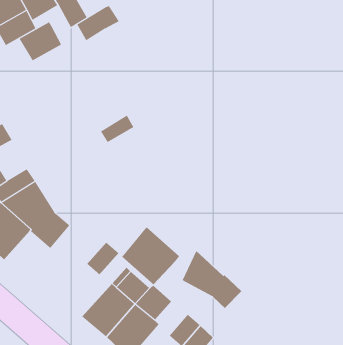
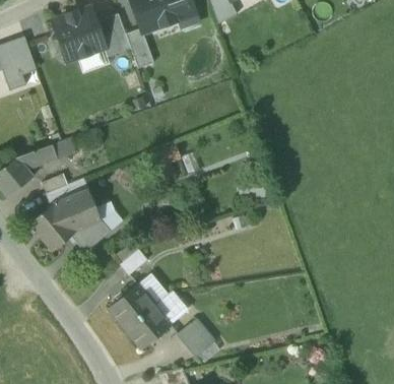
building: [77,5,120,41] -> none
building: [19,22,62,61] -> none
building: [121,227,180,285] -> none
building: [182,250,242,309] -> none

